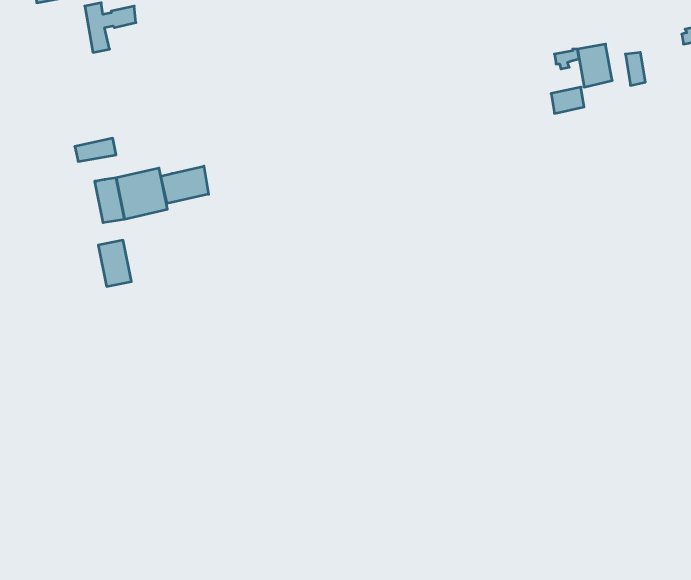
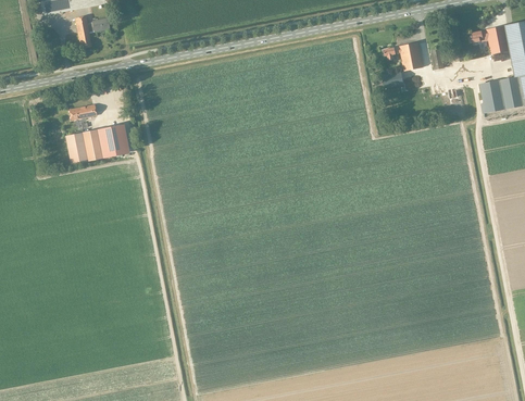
building: [161,166,209,204] -> none
building: [98,240,131,286] -> [65,133,87,163]

